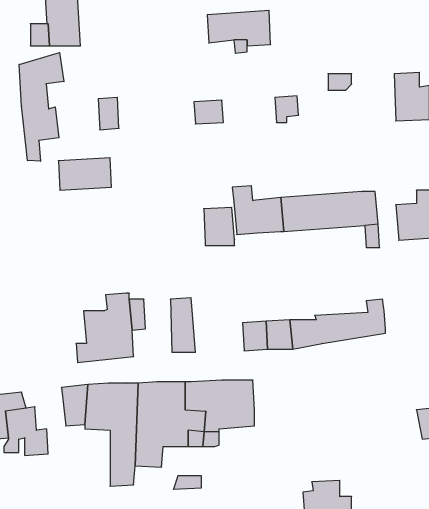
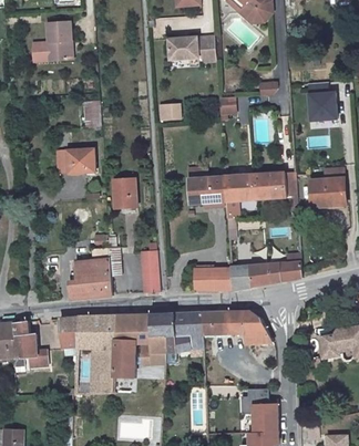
building: [19,53,64,161] -> none
building: [204,207,235,246] -> [114,177,137,206]
building: none -> [202,312,273,344]

